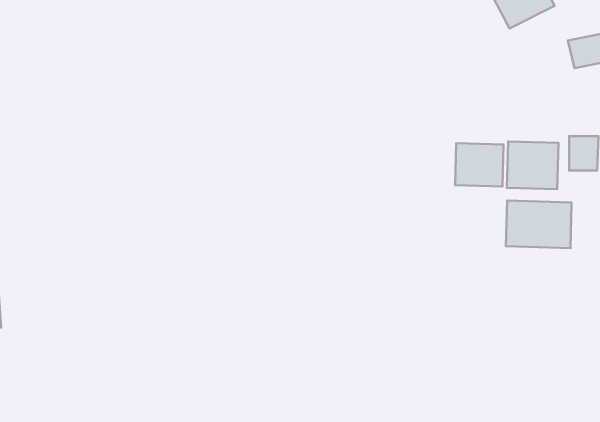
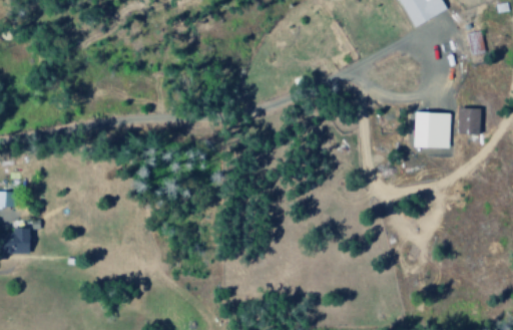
building: [455,143,504,187] -> none
building: [506,201,572,248] -> none

